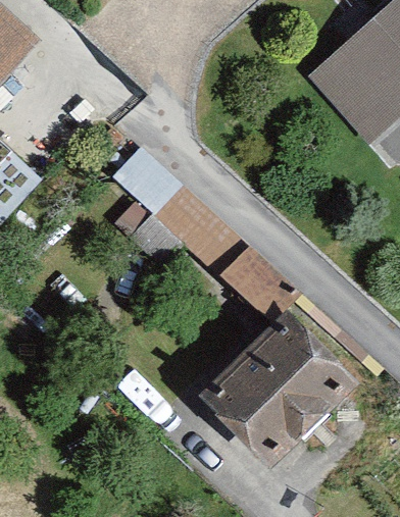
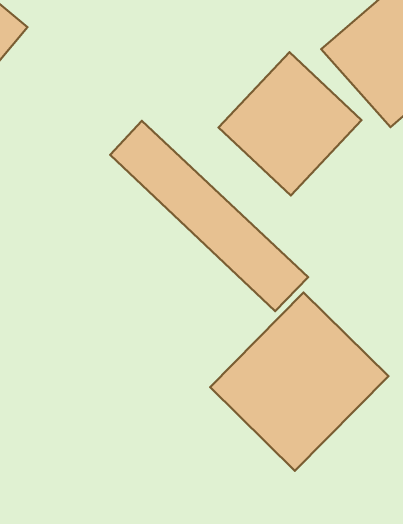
building: none -> [218,52,362,196]

